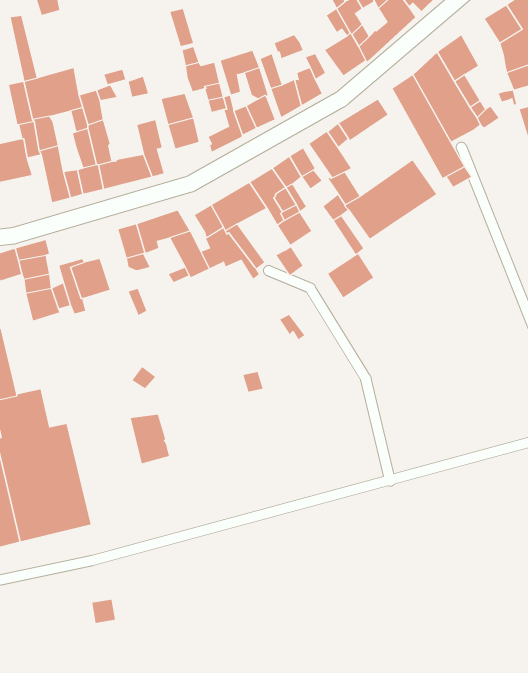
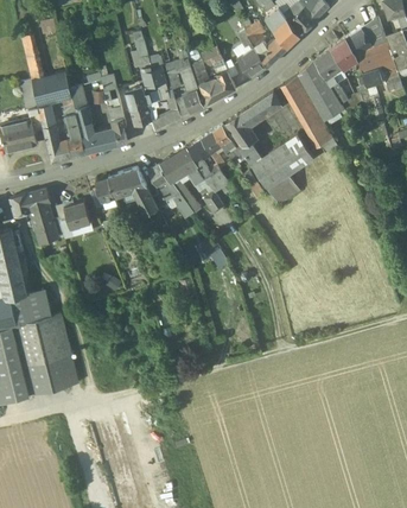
building: none -> [330,38,358,70]
building: [327,253,374,298] -> [267,174,299,205]
building: [130,414,169,464] -> none

